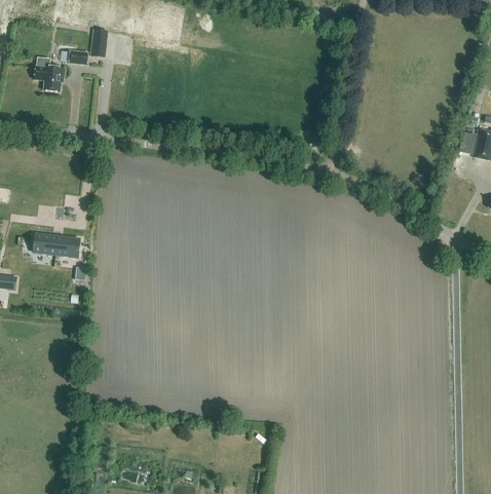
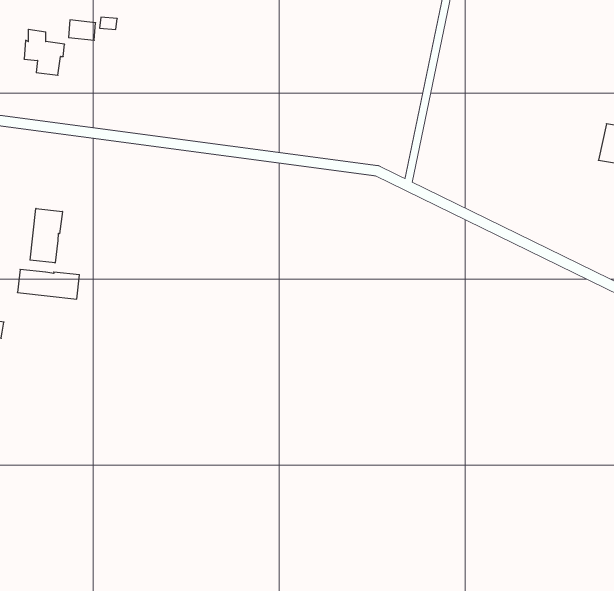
building: none -> [30,208,62,263]

